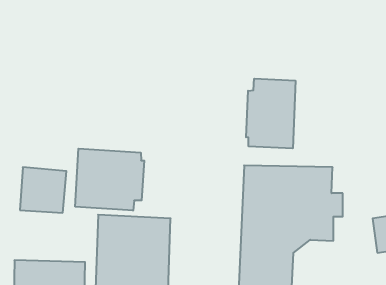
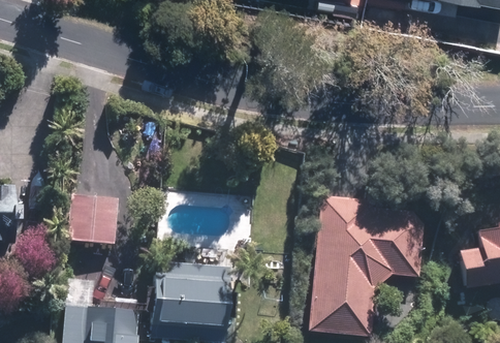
building: [246,79,295,148] -> none
building: [75,149,144,211] -> none

